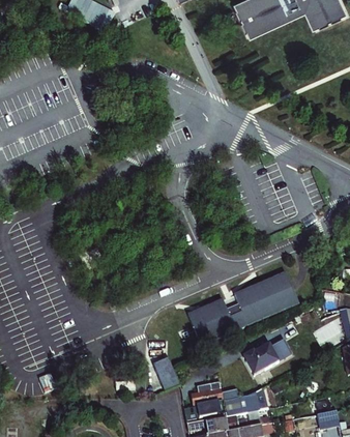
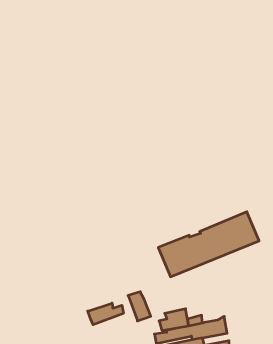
building: [241,341,290,377] -> none
building: none -> [88,303,123,325]

